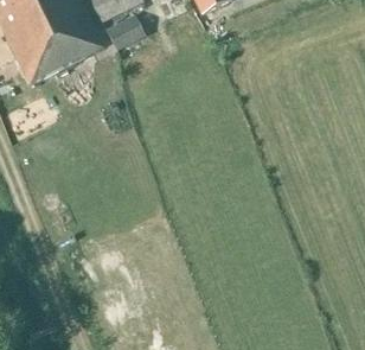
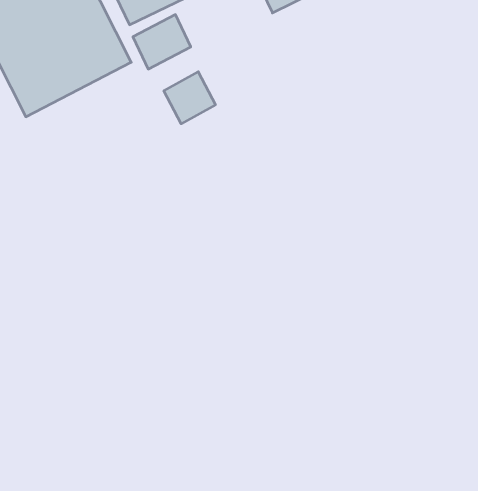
building: none -> [164,72,215,124]

